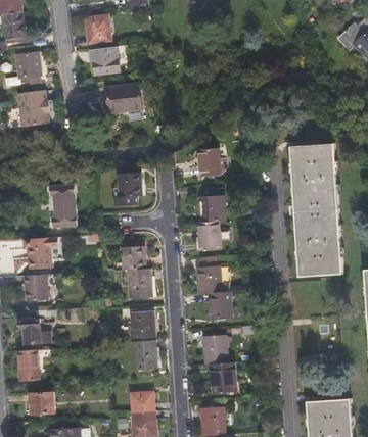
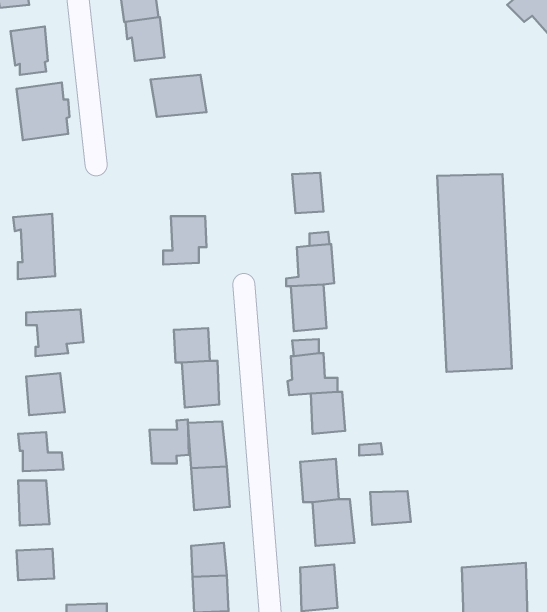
building: [47,184,75,227] -> [13,214,55,279]
building: none -> [149,420,189,464]
building: none -> [370,491,411,525]

